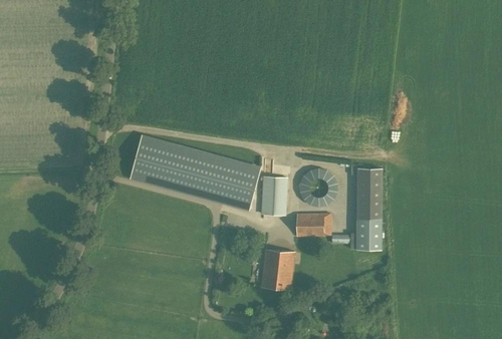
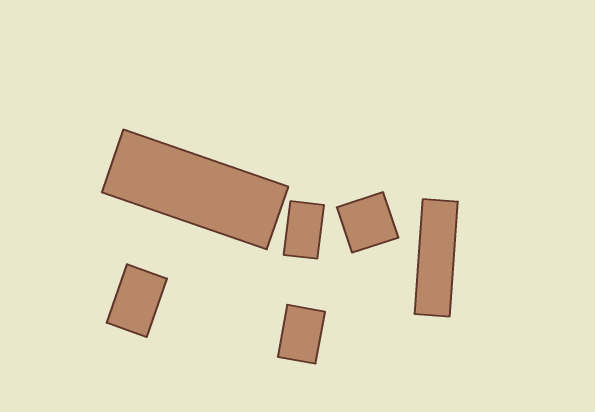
building: [296,213,330,237] -> none
building: none -> [107,264,167,337]

